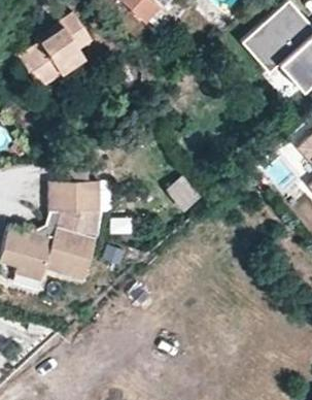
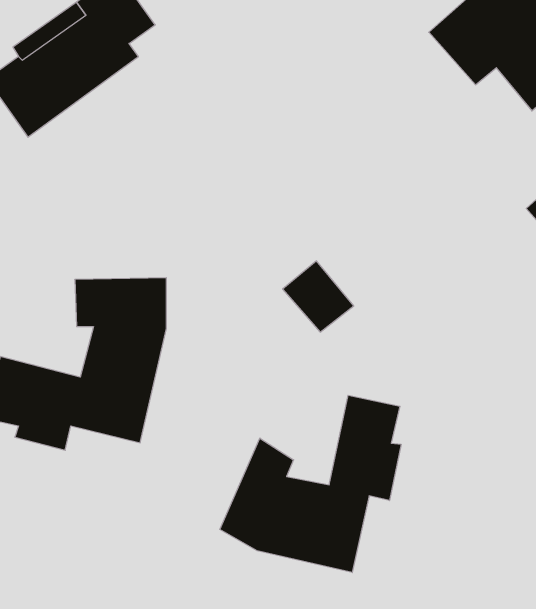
building: none -> [220,395,401,573]

